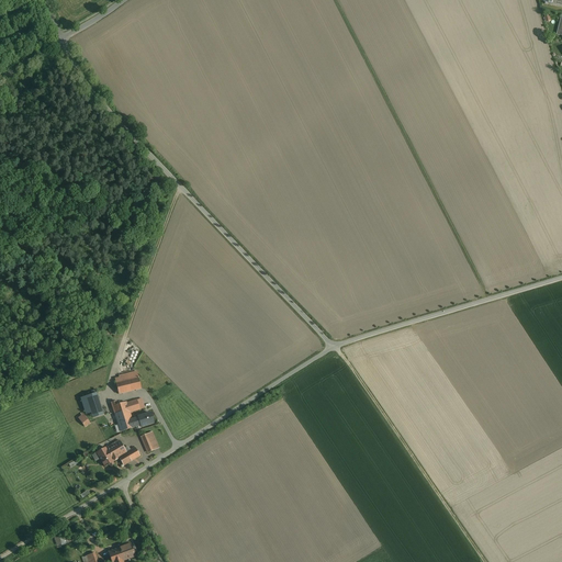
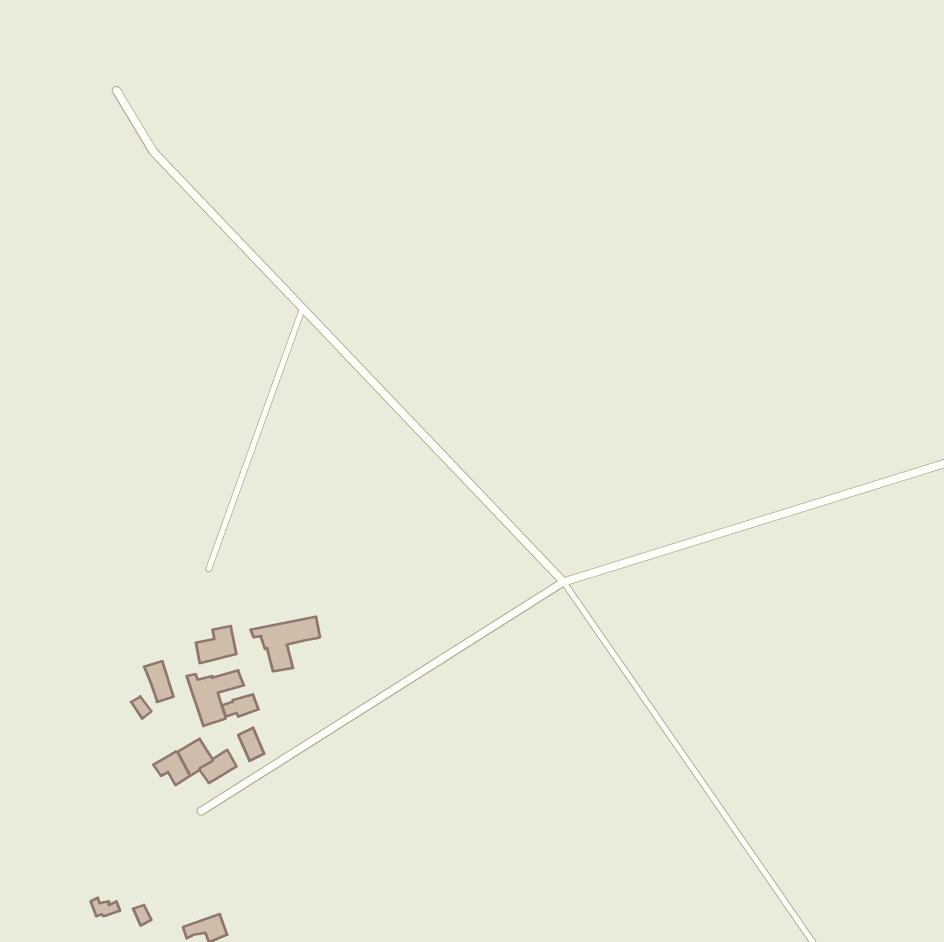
building: none -> [251,617,320,671]

